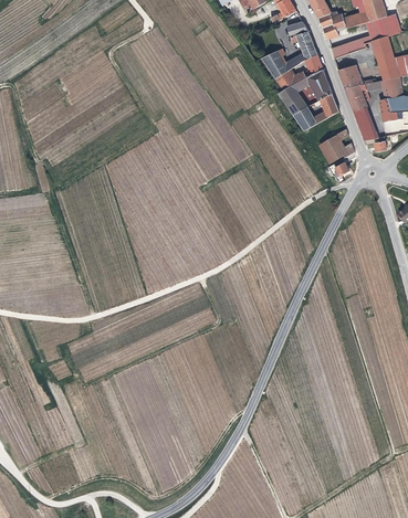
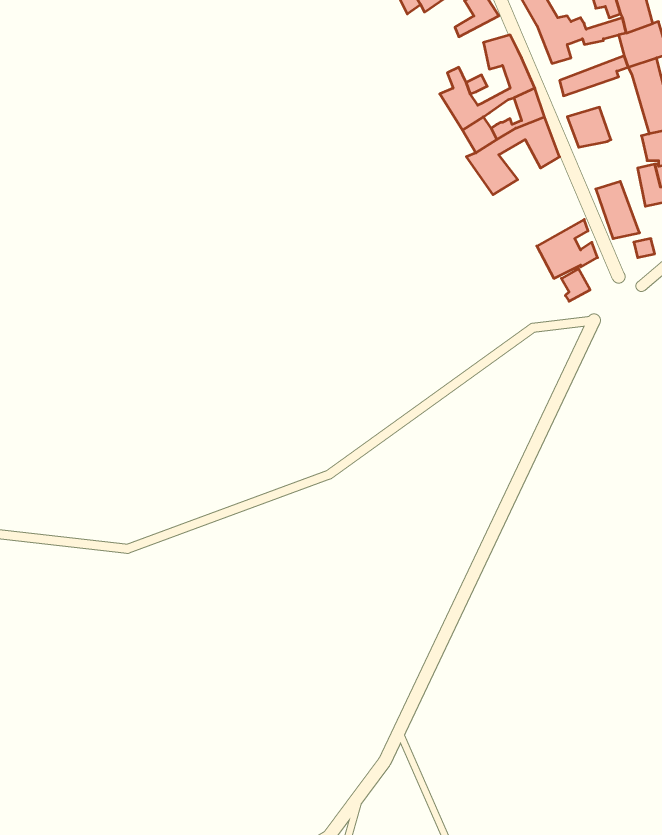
building: [343,83,369,112] -> none
building: [293,93,339,130] -> none

